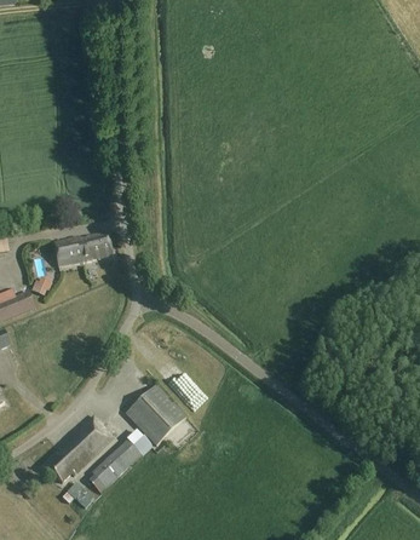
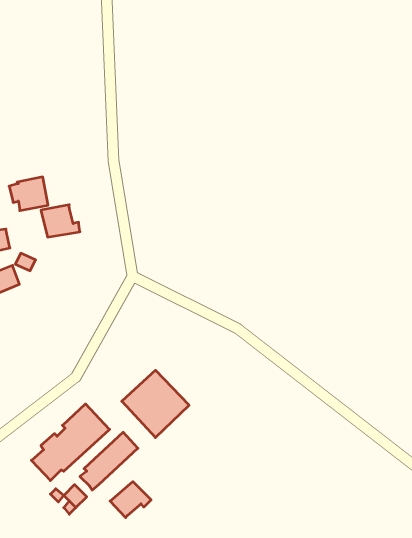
building: [77,230,113,260] -> [9,177,48,211]
building: none -> [110,482,151,518]

